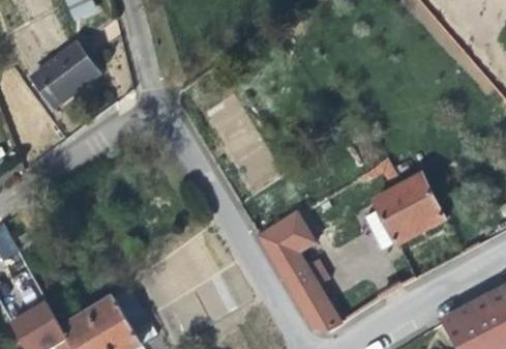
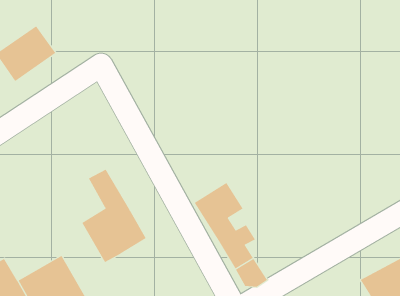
building: [365,176,443,251] -> none
building: none -> [82,169,146,263]

